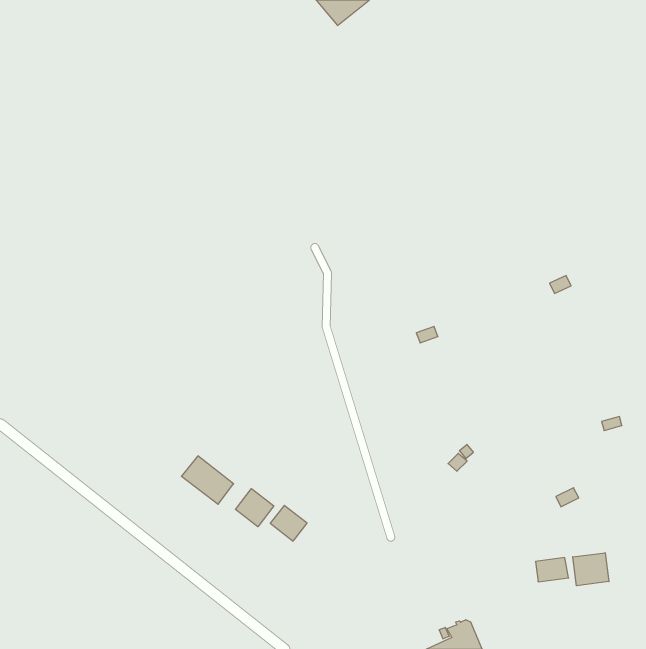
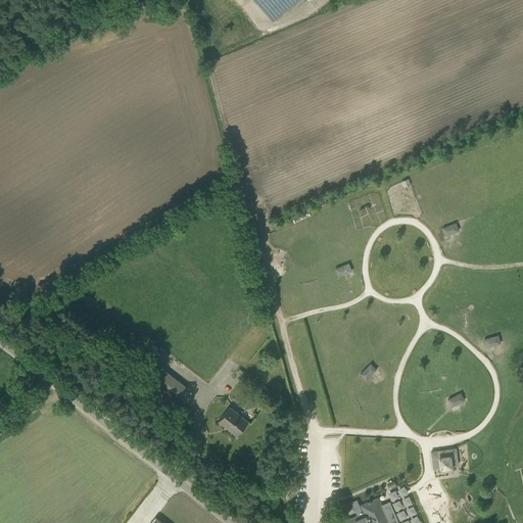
building: [235,489,274,527] -> none
building: [573,553,609,586] -> none

